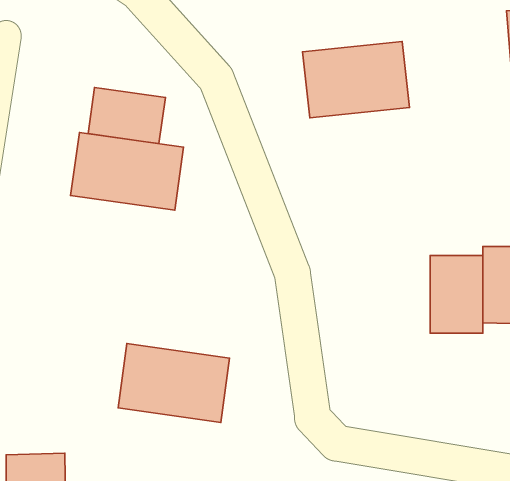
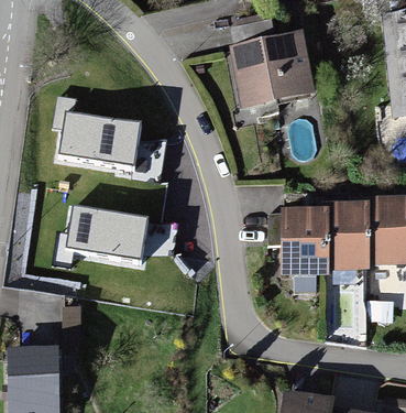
building: [88,87,165,144] -> none
building: none -> [284,211,329,274]
building: [118,343,230,423] -> [69,204,153,263]

